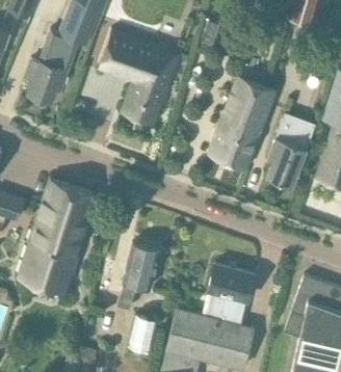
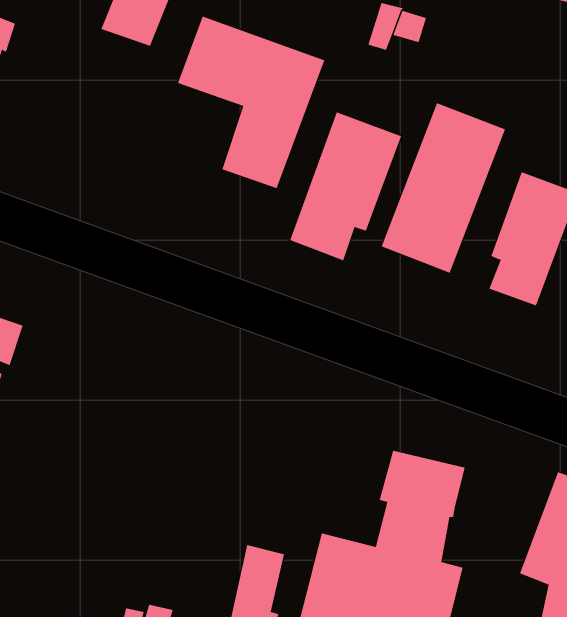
building: [27,42,76,104] -> none
building: none -> [289,112,402,261]
building: [18,182,95,293] -> none
building: [115,245,159,312] -> none

